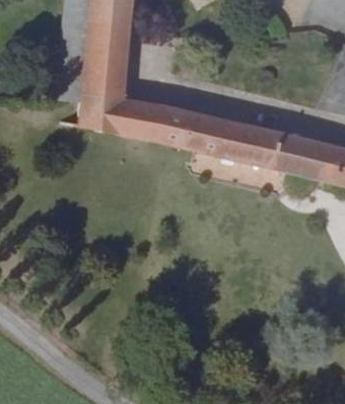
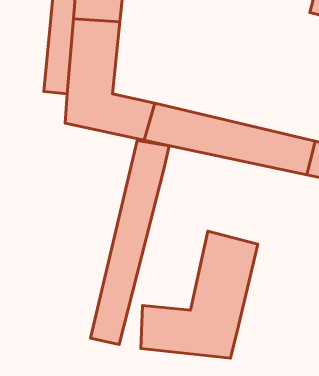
building: none -> [90,140,169,344]
building: none -> [141,231,258,358]

